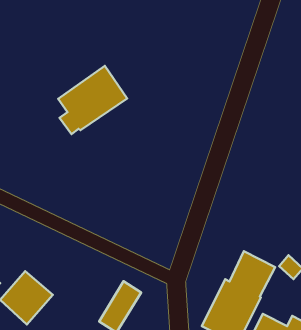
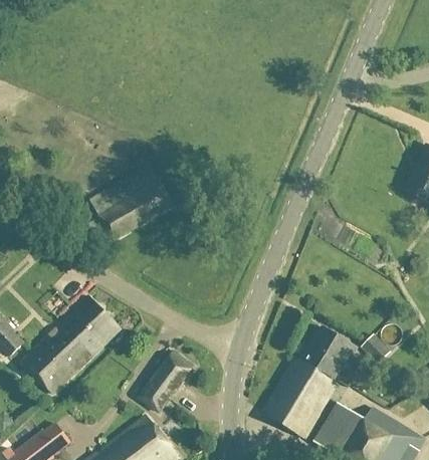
building: [58,66,127,134] -> [90,165,174,244]
building: none -> [56,296,121,361]

